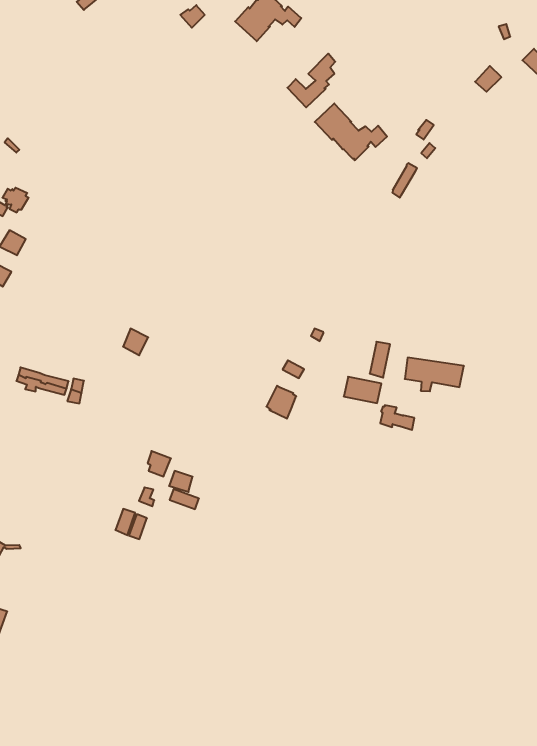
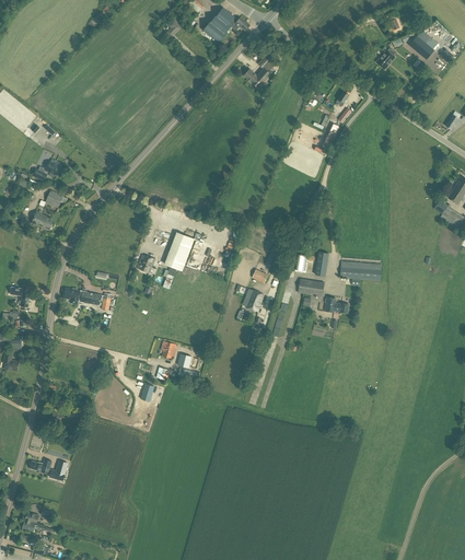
building: [315,103,387,160] -> none
building: none -> [164,231,194,270]

